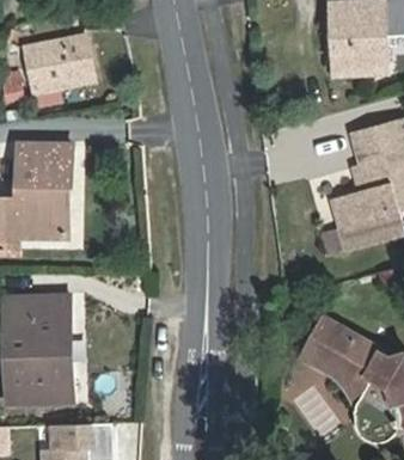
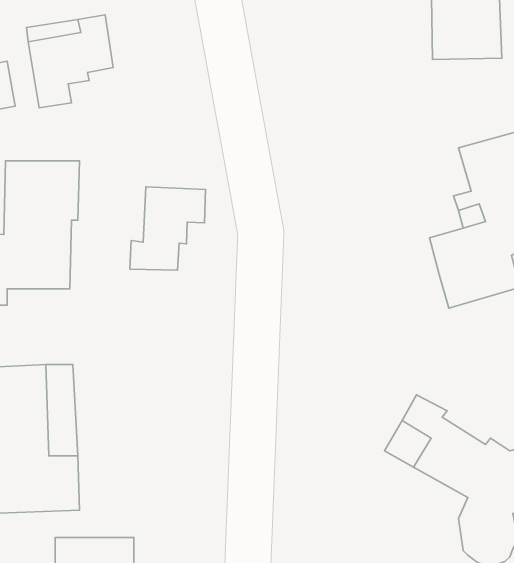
building: none -> [130,187,205,270]

